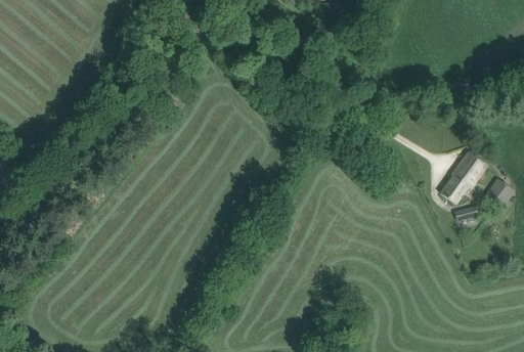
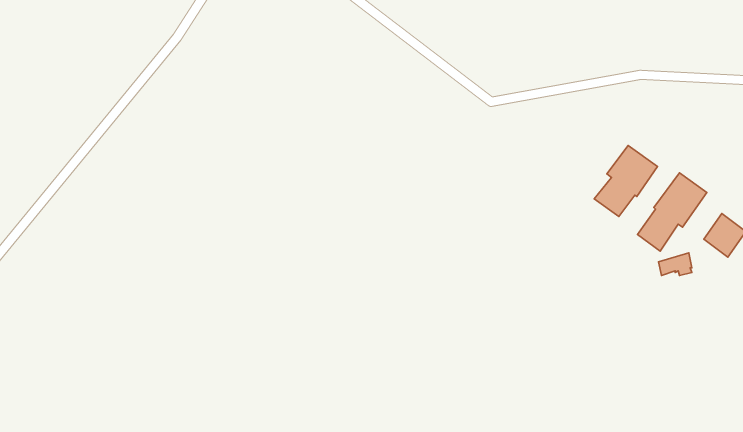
building: none -> [594,145,658,216]

